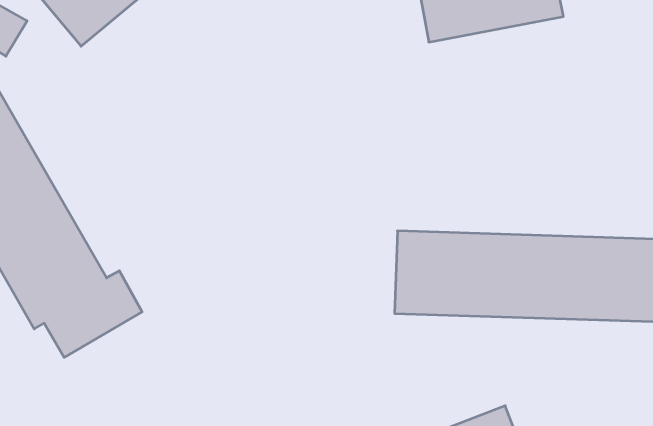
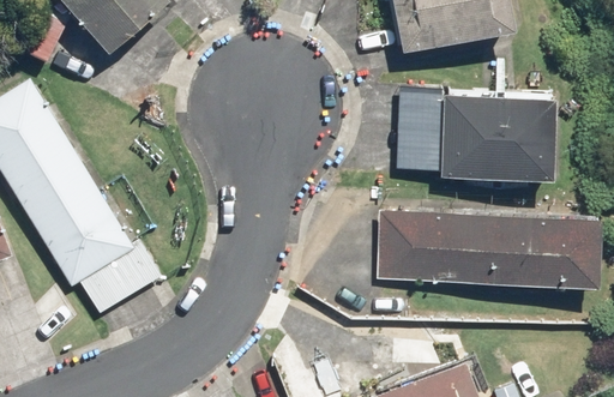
building: none -> [395,88,559,181]

